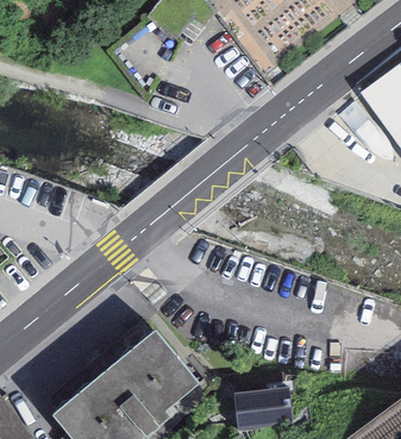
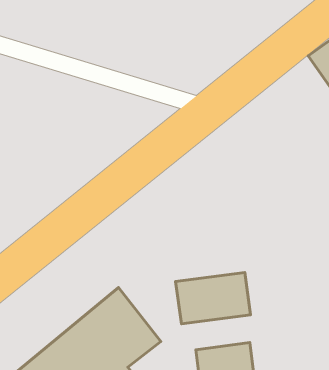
building: none -> [176,272,251,324]

